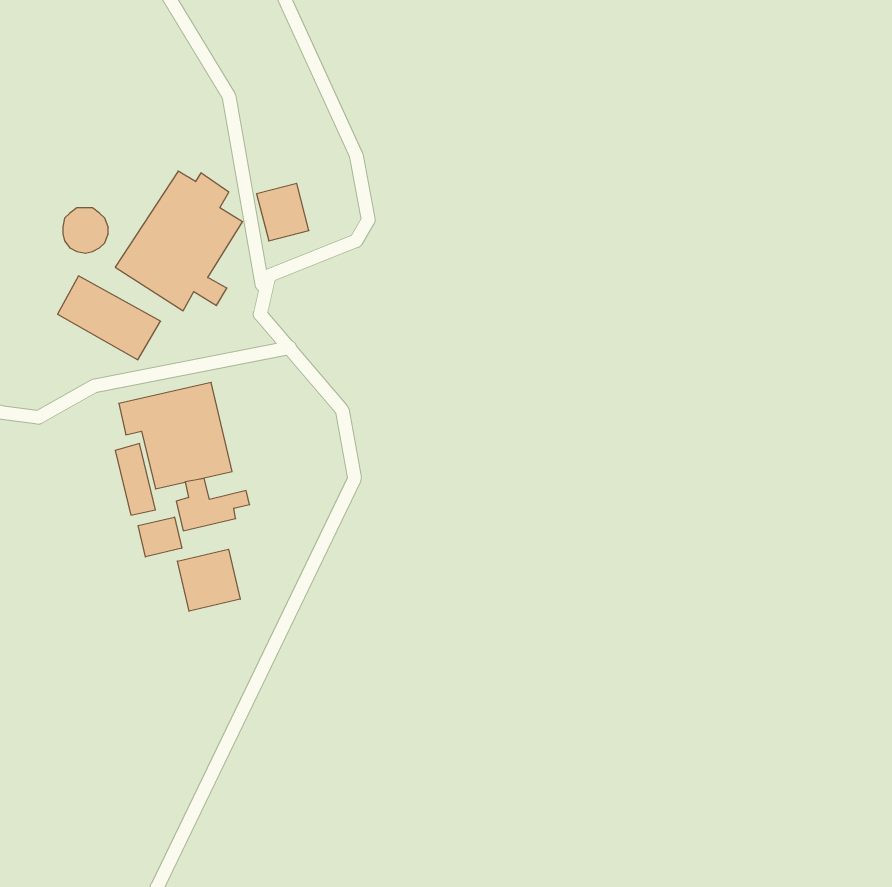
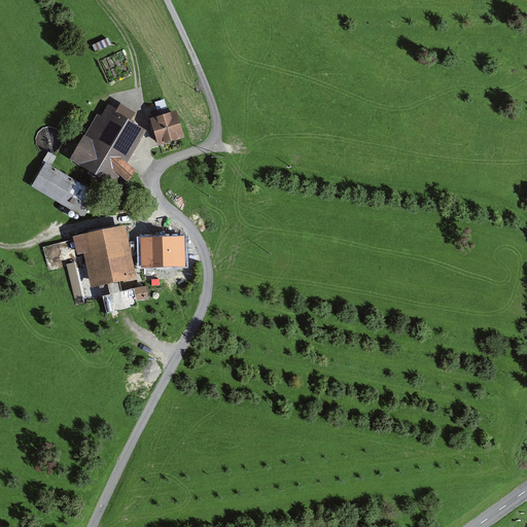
building: none -> [141,238,186,268]
building: [138,517,182,557] -> none
building: [177,549,240,611] -> none

